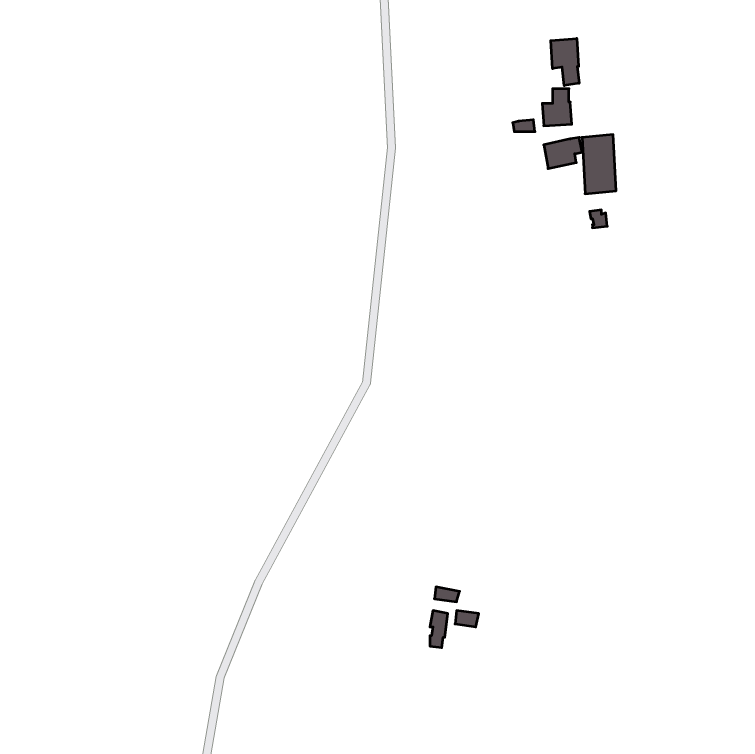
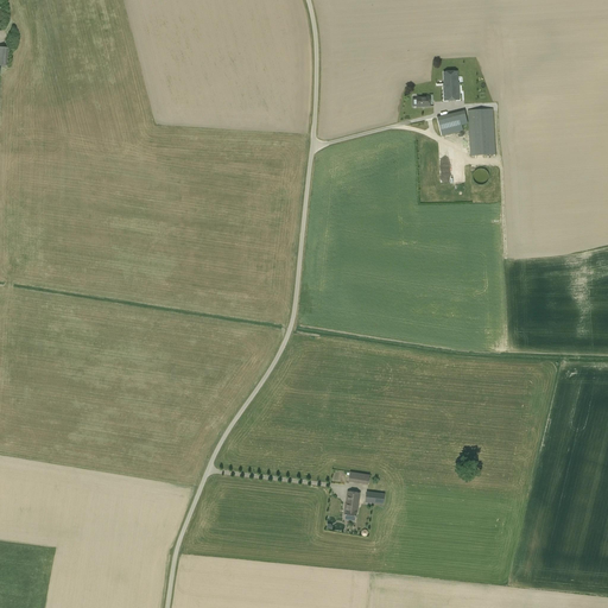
building: [551,38,579,86] -> none

